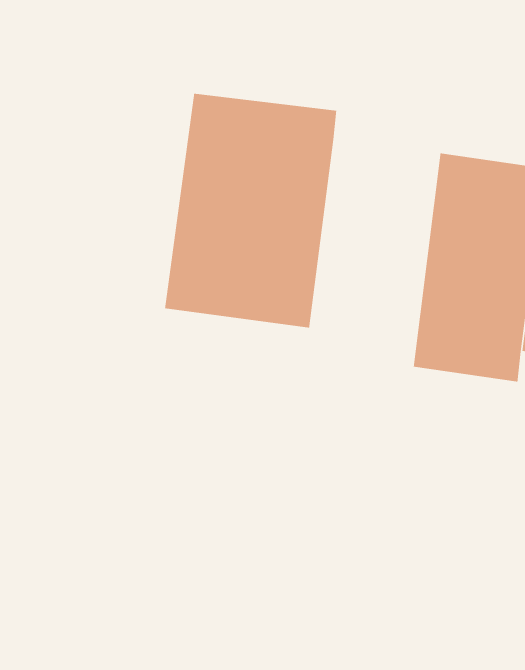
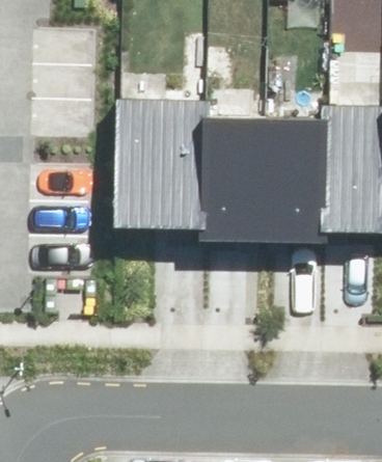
building: none -> [202,118,266,242]

